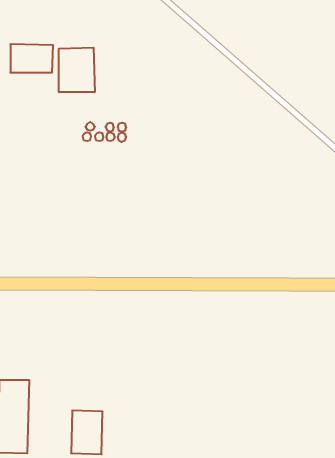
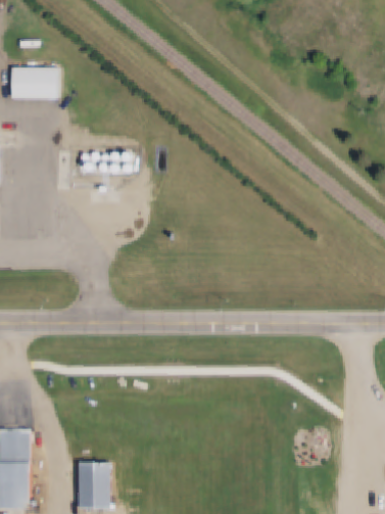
building: [59,48,95,92] -> none

